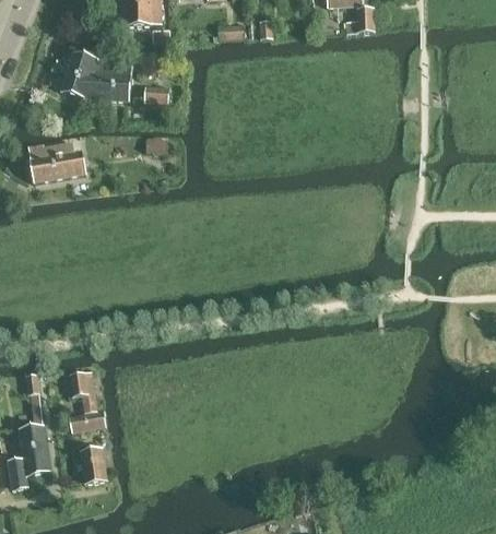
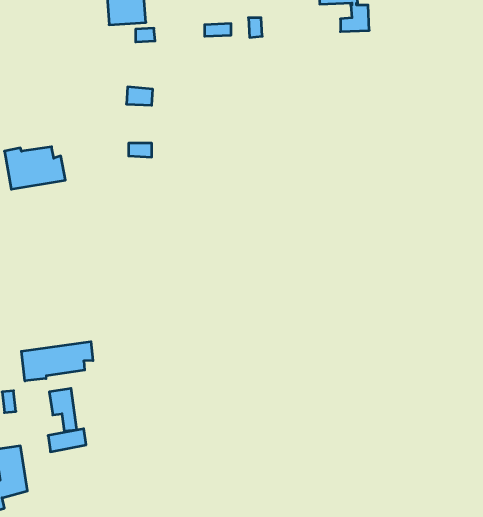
building: [61,52,132,100] -> none
building: none -> [21,342,93,381]
building: [76,447,107,483] -> none

